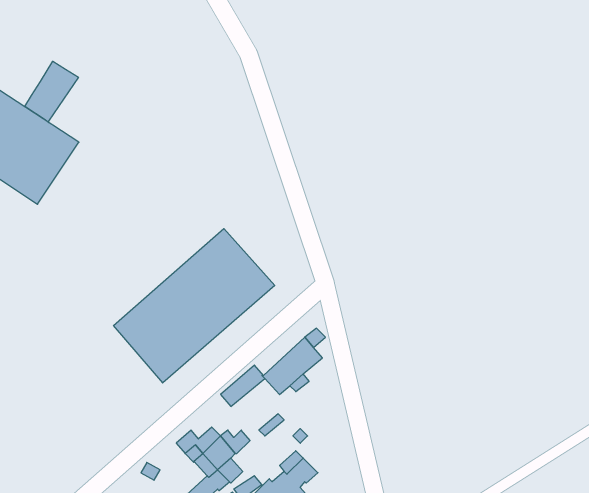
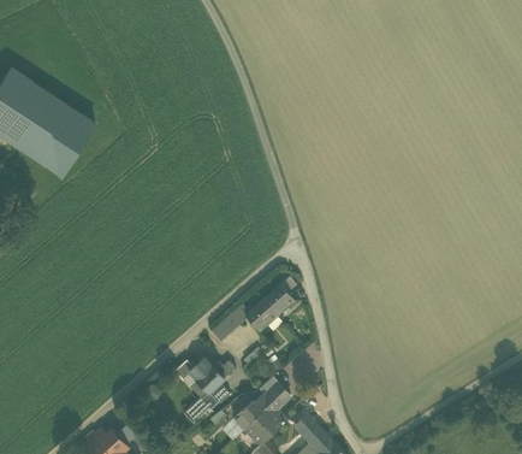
building: [25,61,78,123] -> none
building: [114,229,275,383] -> none

